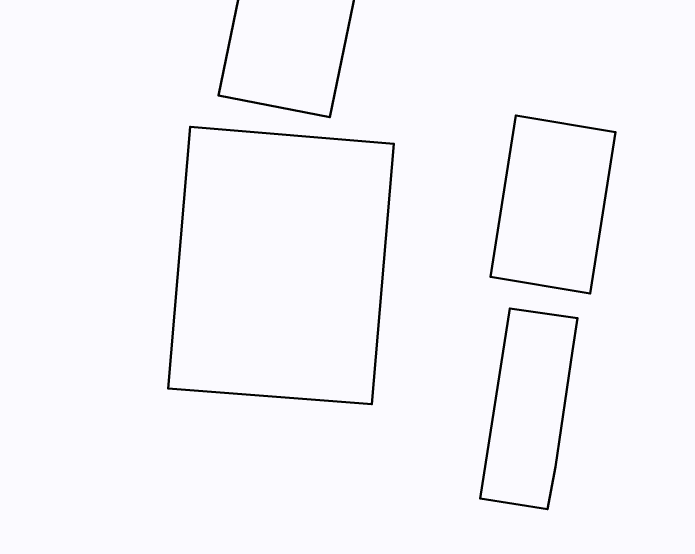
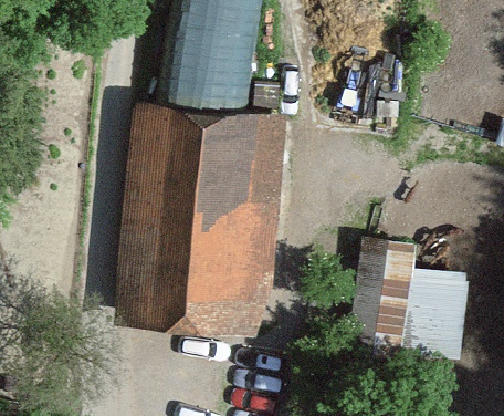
building: [491,115,616,293] -> none
building: none -> [398,268,470,358]

